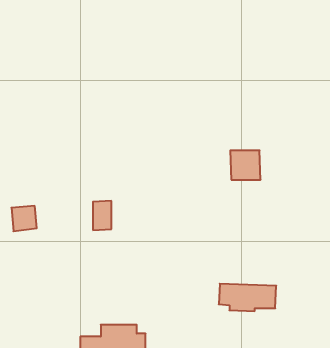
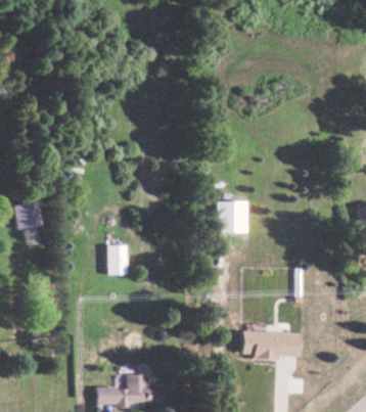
building: [230,150,261,180] -> [215,201,246,232]
building: [11,206,37,231] -> [15,202,42,229]

